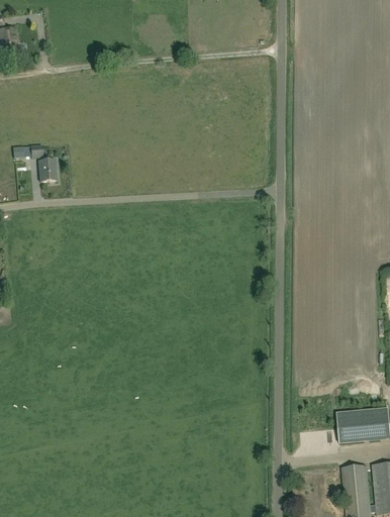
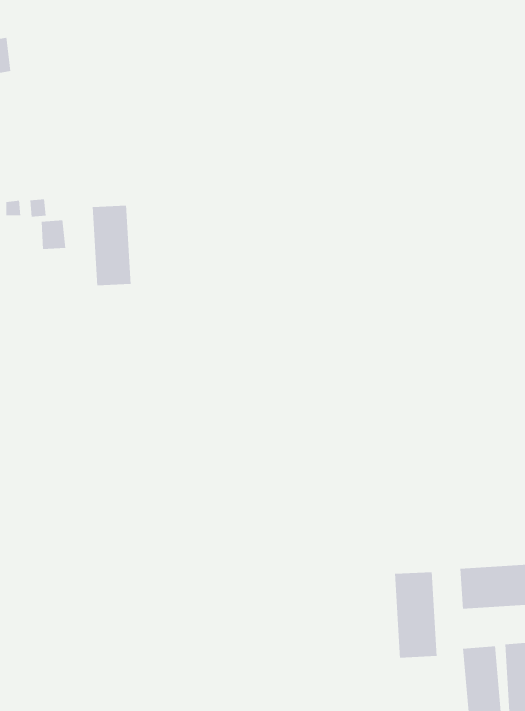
building: none -> [92,205,131,286]
building: none -> [394,571,437,658]

